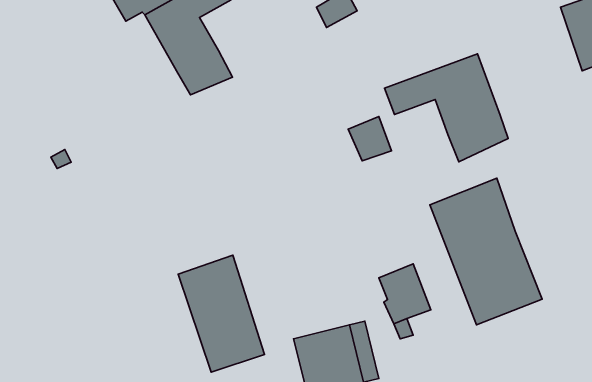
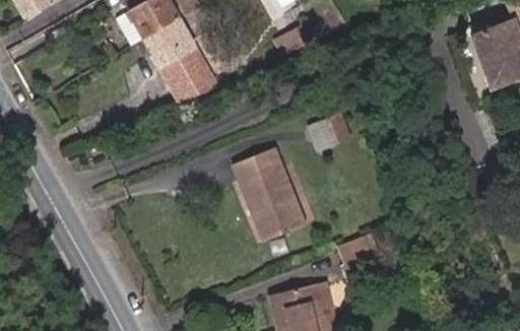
building: [384,54,508,162] -> none
building: [430,178,542,325] -> none
building: [178,255,265,372] -> [233,150,302,244]

